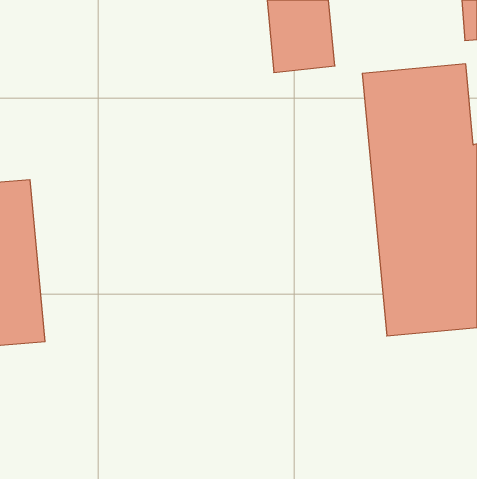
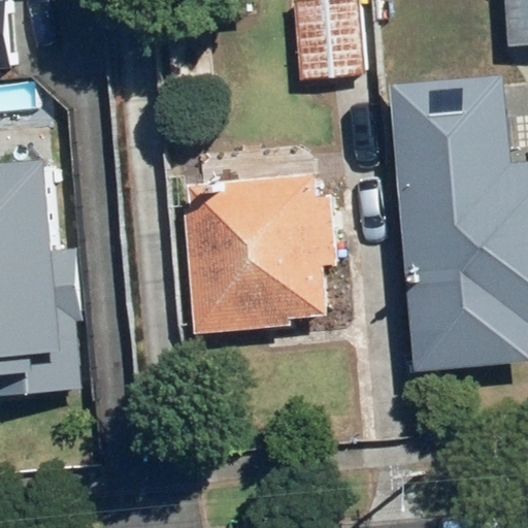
building: none -> [185,172,339,335]

